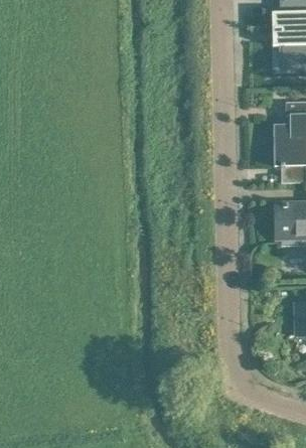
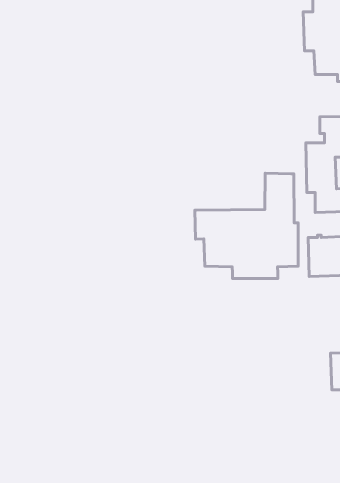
building: none -> [195,173,298,278]

